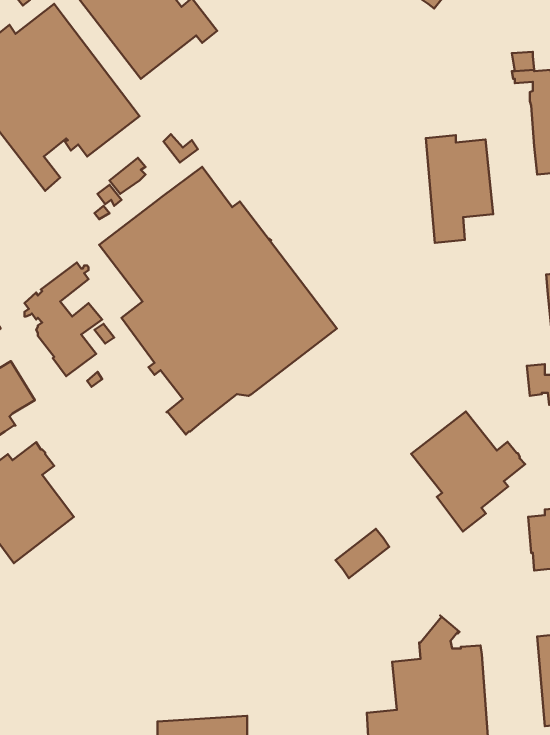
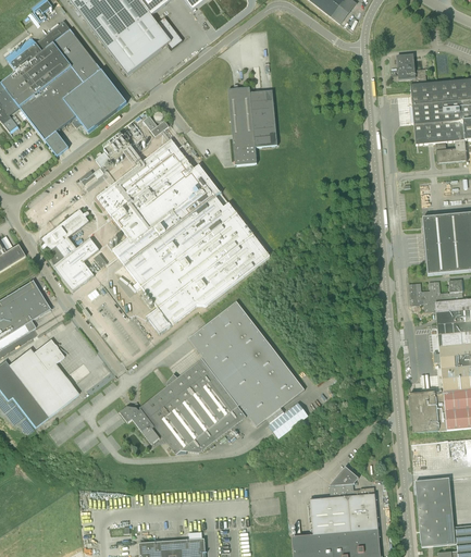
building: [426,135,493,243] -> [228,87,277,165]
building: none -> [120,300,305,454]
building: [411,412,525,532] -> none

